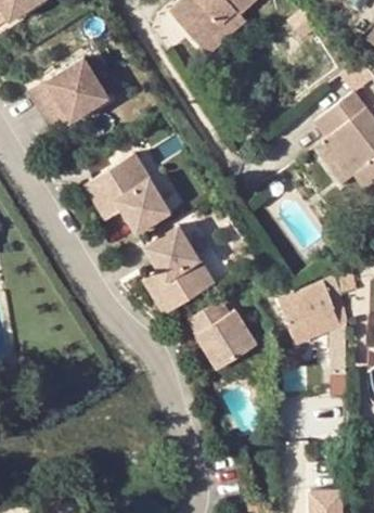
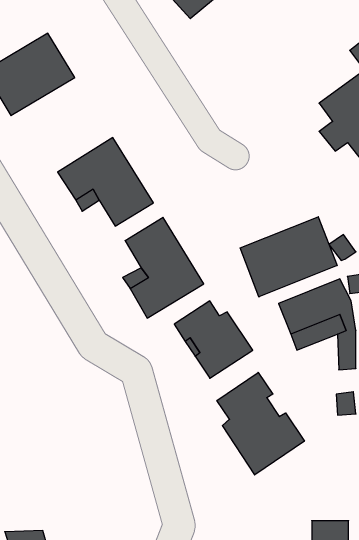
building: none -> [240,217,337,297]
building: none -> [217,372,304,475]

